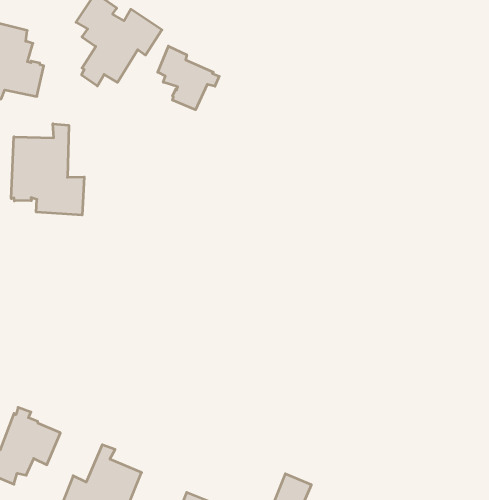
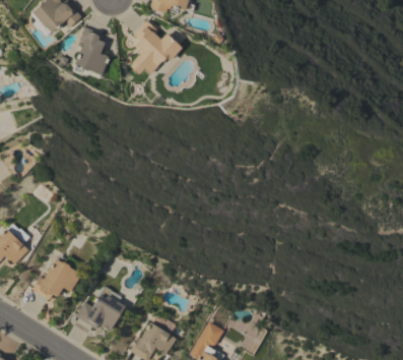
building: [158,46,219,110] -> none
building: [11,124,84,215] -> none

